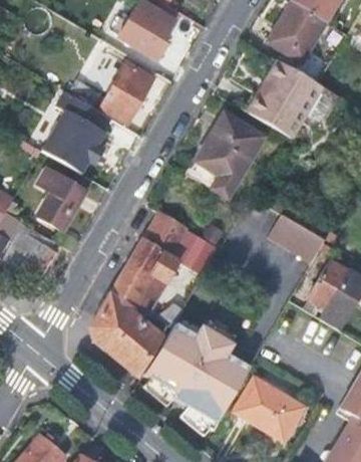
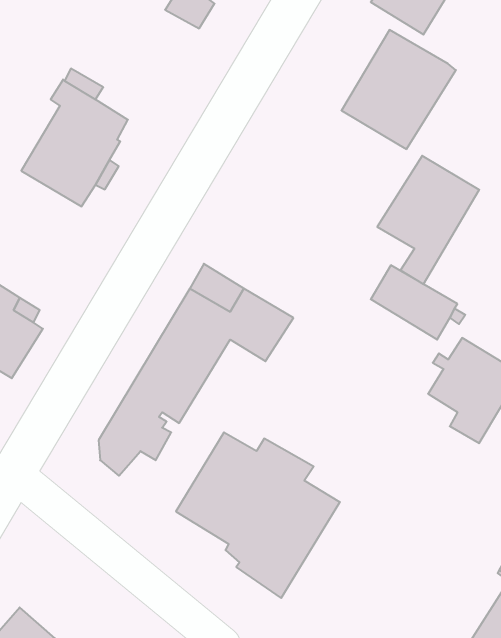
building: [98,60,152,123] -> none
building: [196,114,262,198] -> [377,156,479,284]
building: [35,169,84,231] -> none
building: [104,321,162,374] -> none
building: [233,375,303,438] -> none

